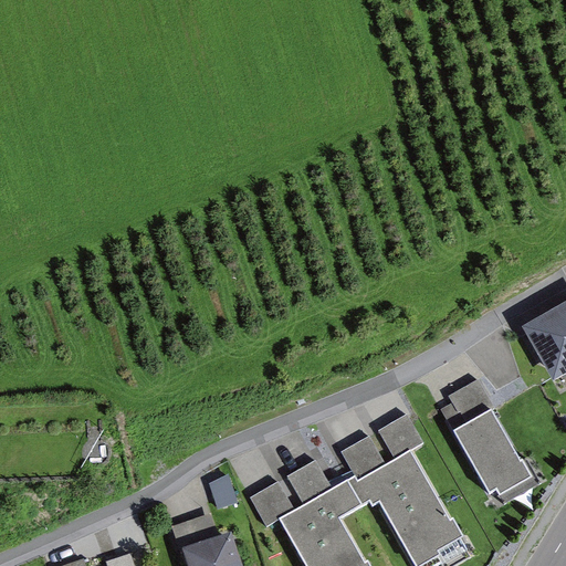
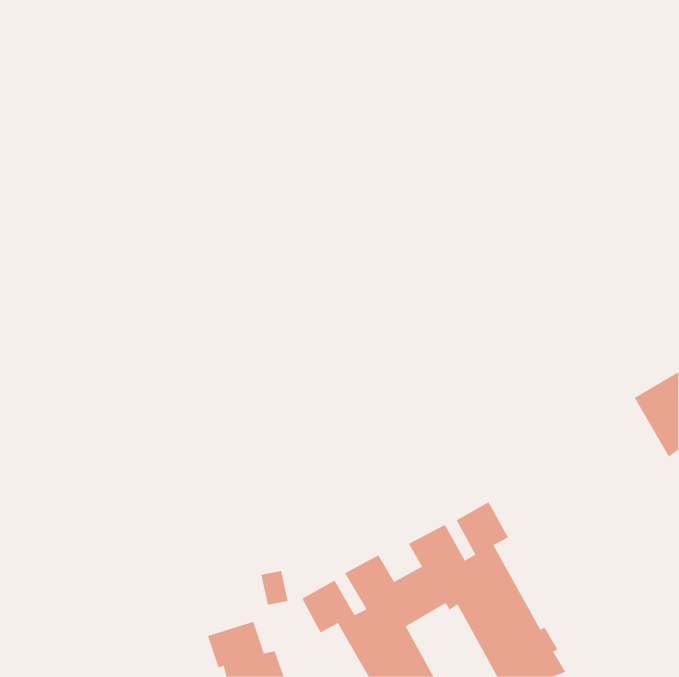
building: [444,380,538,503] -> none

